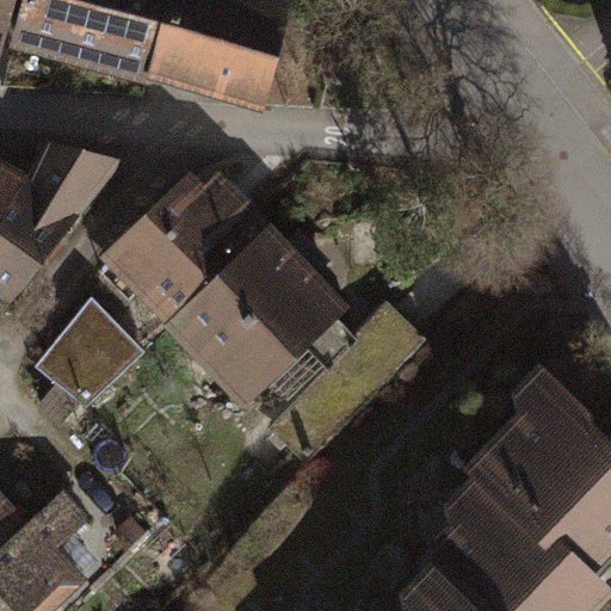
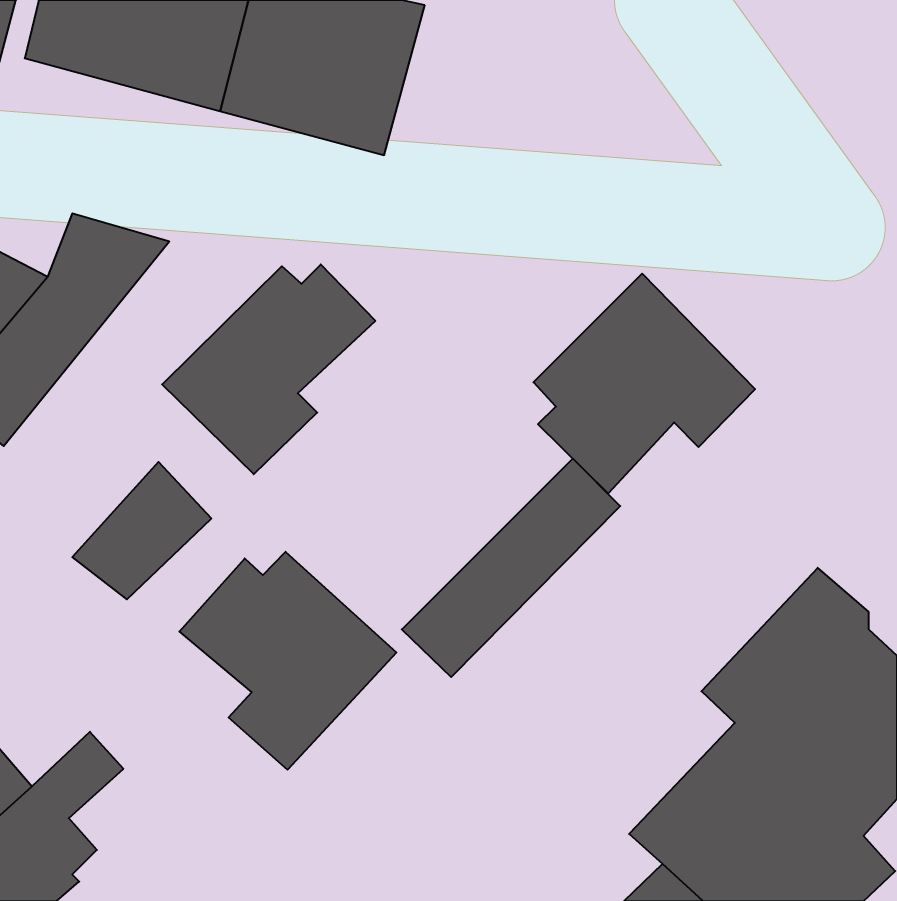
building: none -> [533,274,755,494]
building: [172,217,335,400] -> none
building: none -> [179,552,396,770]

